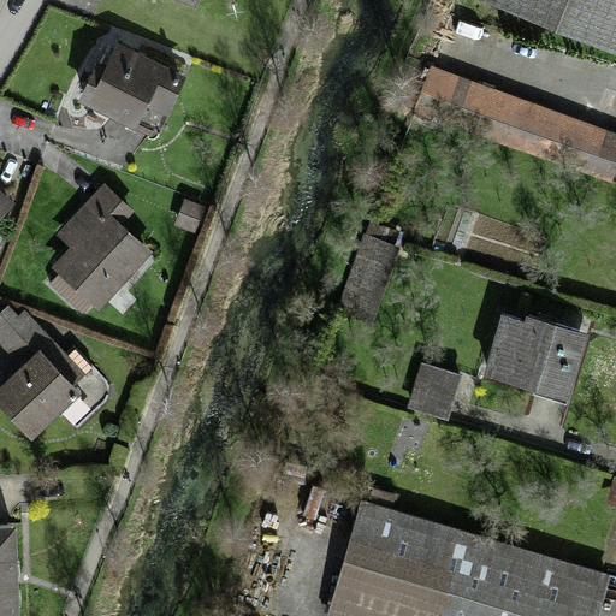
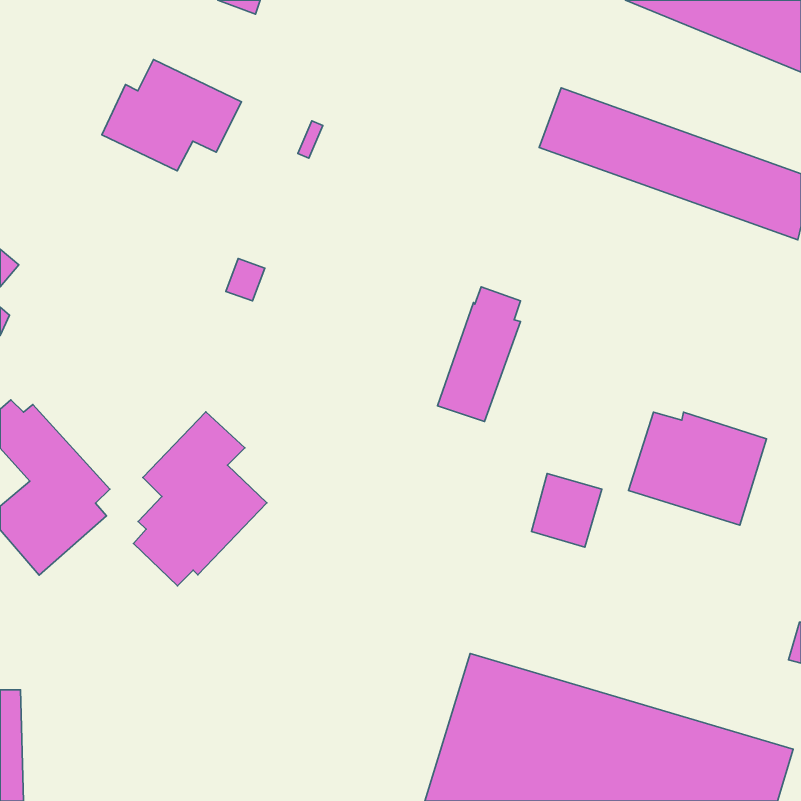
building: [48,184,150,318] -> [134,412,267,586]

